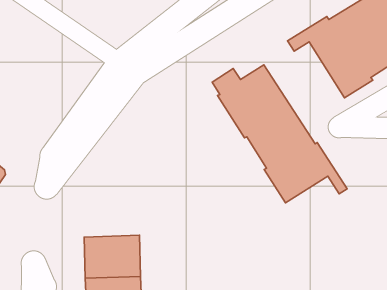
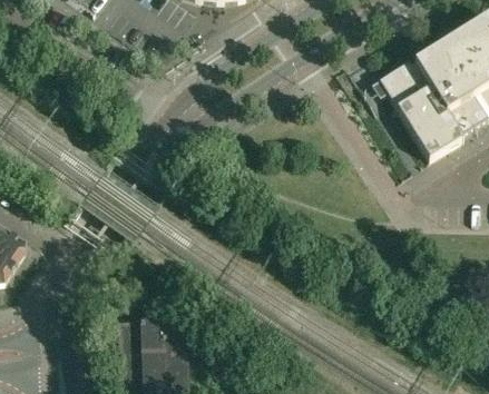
building: [212,65,347,203] -> none

